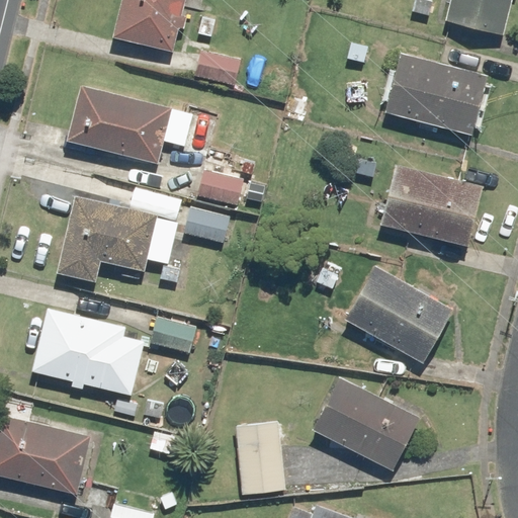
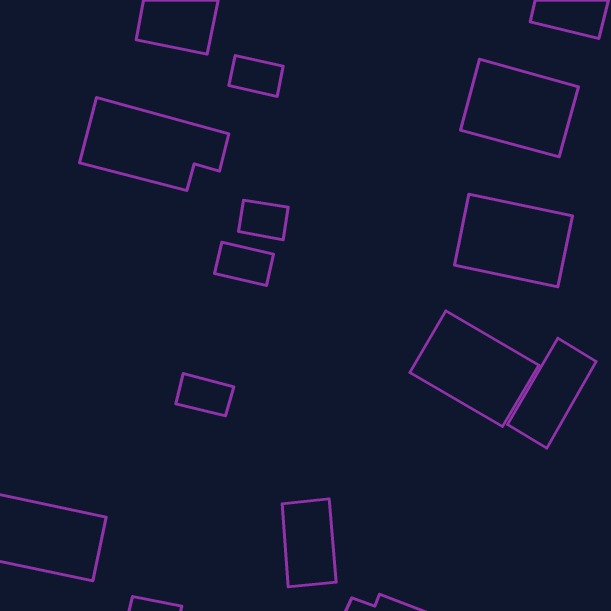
building: [60,189,181,283] -> none
building: none -> [507,338,596,448]
building: [32,312,144,395] -> none
building: [315,376,421,471] -> none

